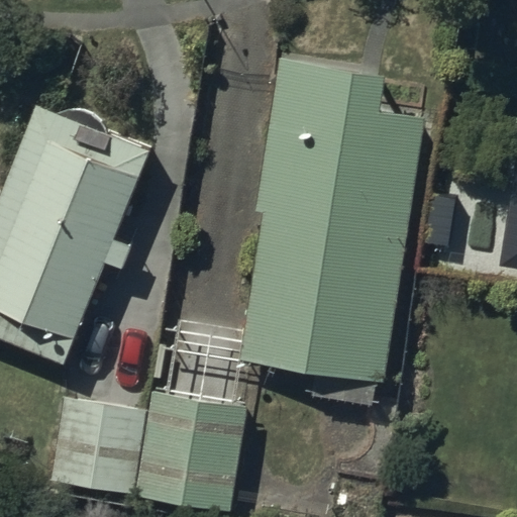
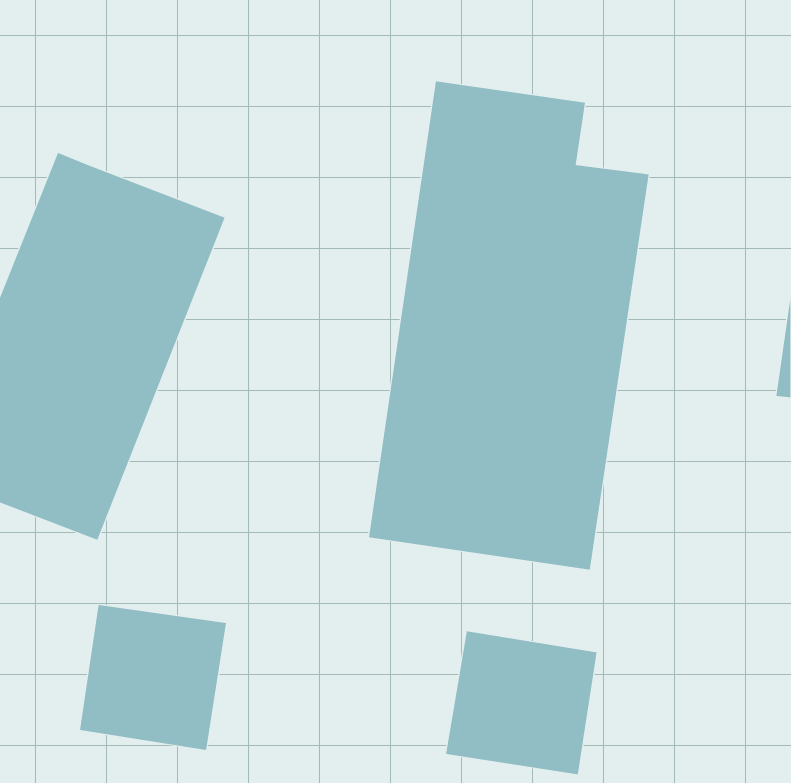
building: [134,394,247,510] -> none
building: none -> [445,630,597,775]

